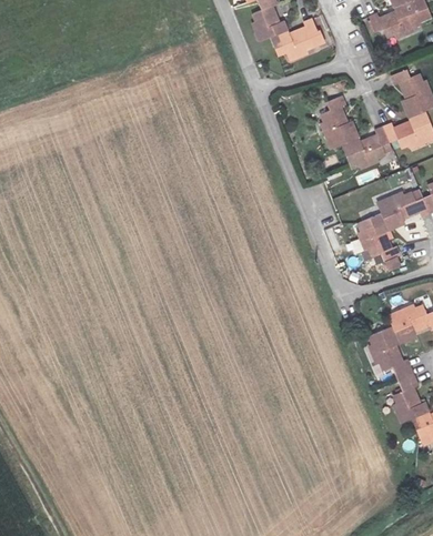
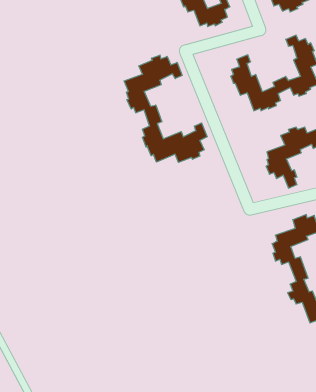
building: none -> [124,55,207,162]

